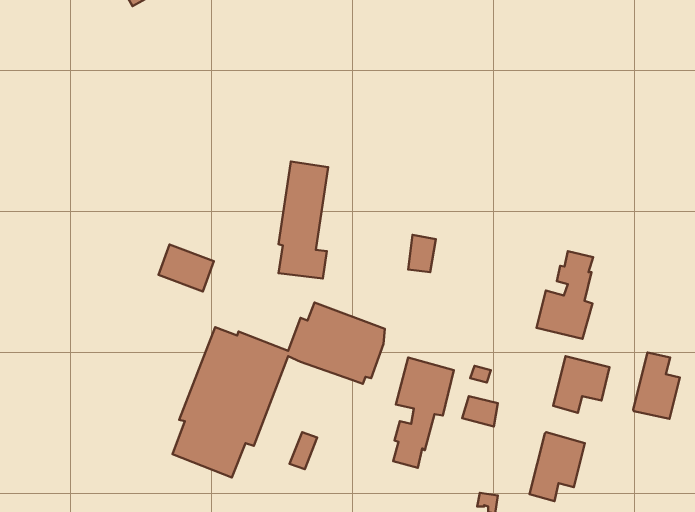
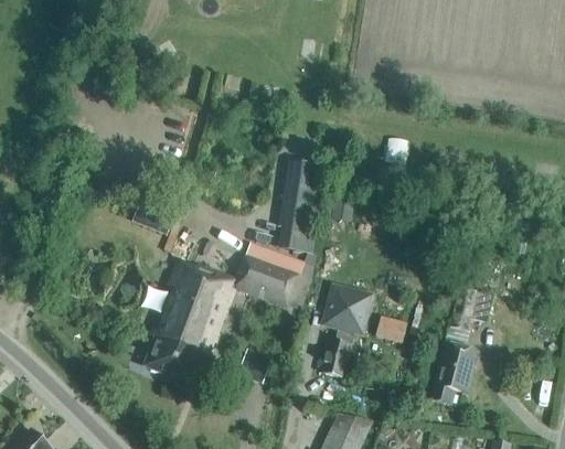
building: [279,161,328,279] -> [278,159,318,253]
building: [537,251,593,339] -> none
building: [633,353,680,419] -> none

